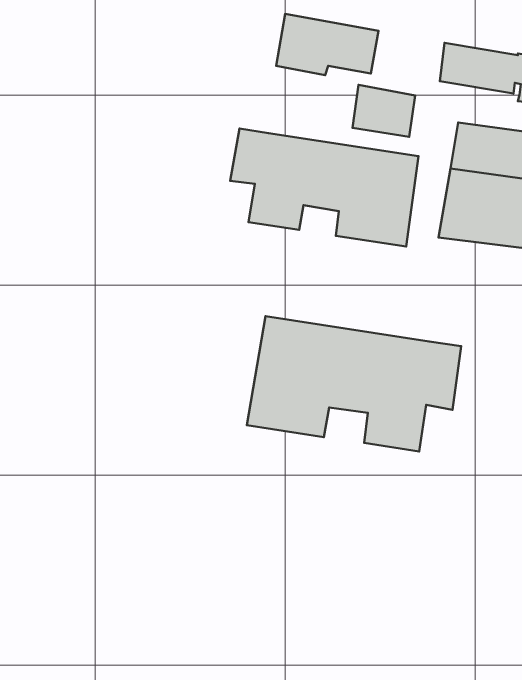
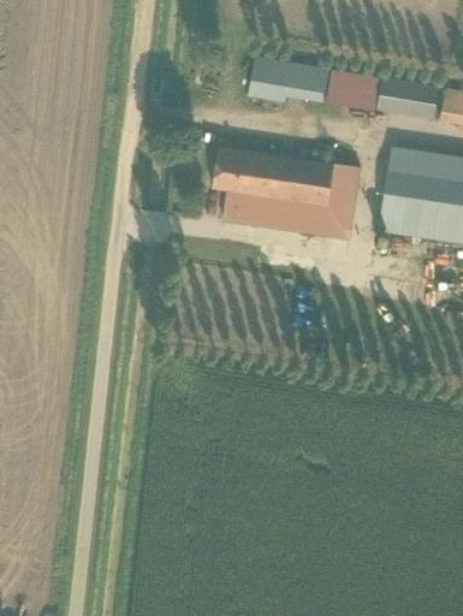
building: [353,85,415,137] -> [328,70,378,111]
building: [247,316,461,451] -> none

